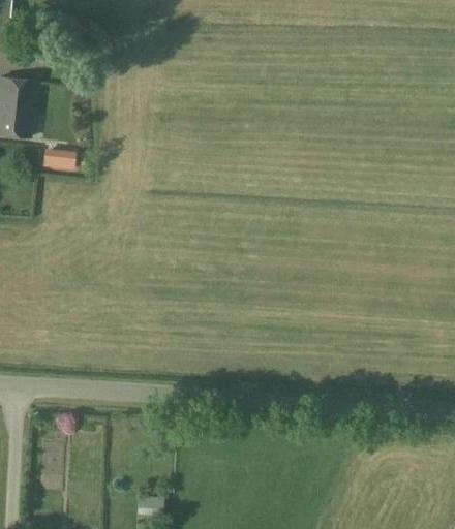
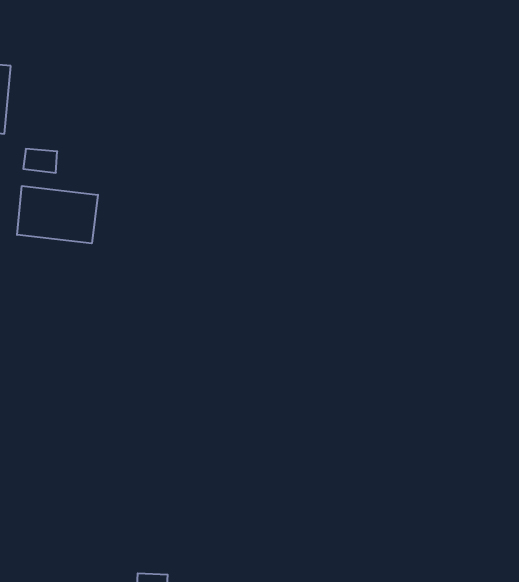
building: none -> [17,186,98,243]

